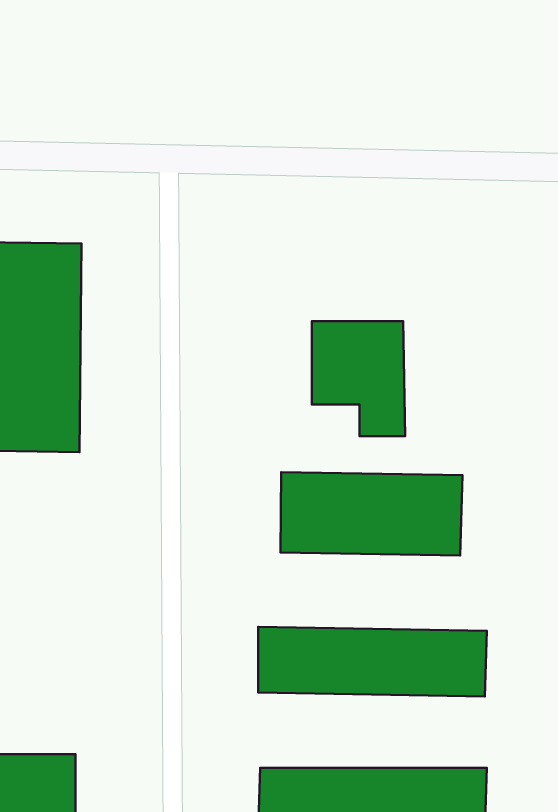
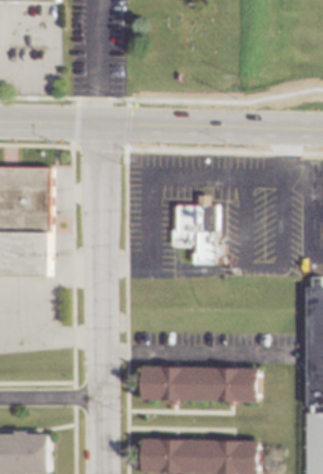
building: [280,472,463,556] -> none

